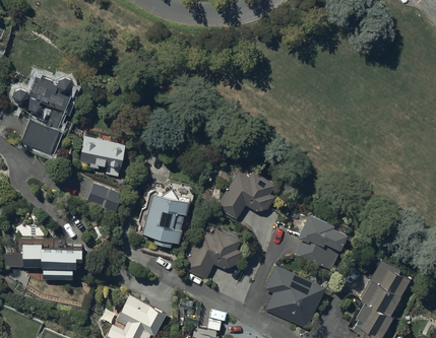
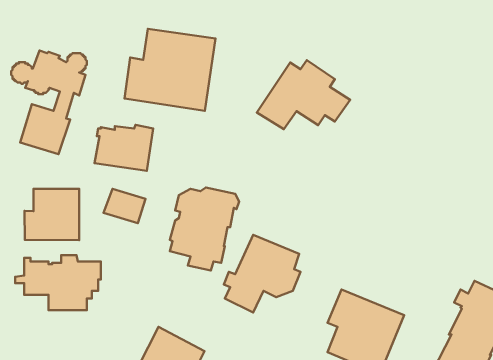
building: none -> [124,29,215,111]
building: [214,166,289,221] -> [257,60,350,129]
building: none -> [25,189,79,240]
building: [296,209,348,272] -> none

